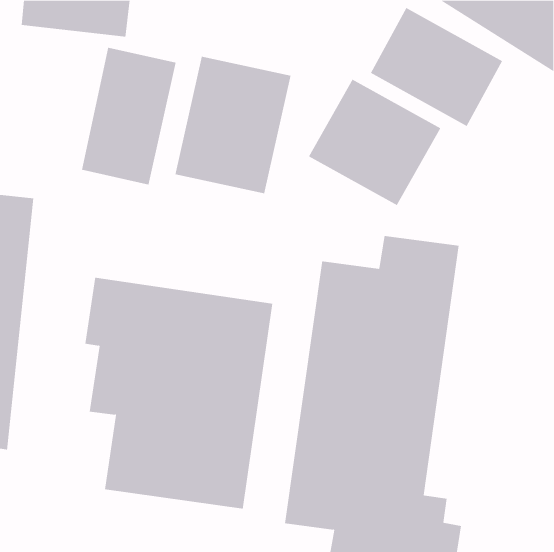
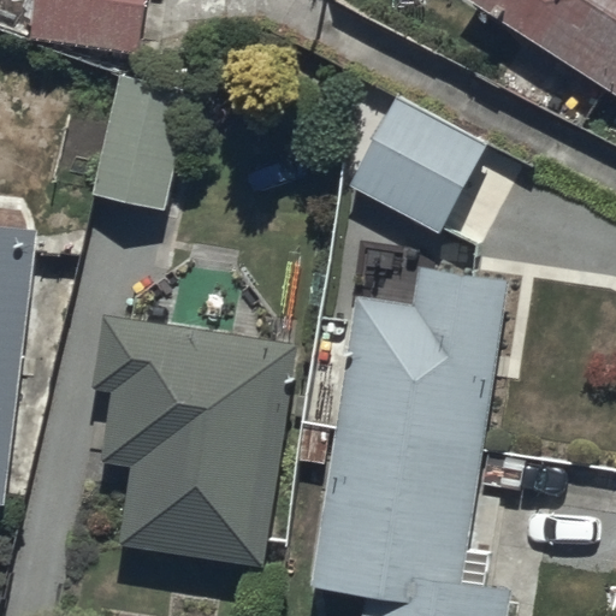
building: [370,7,503,127] -> none
building: [175,56,291,194] -> none

